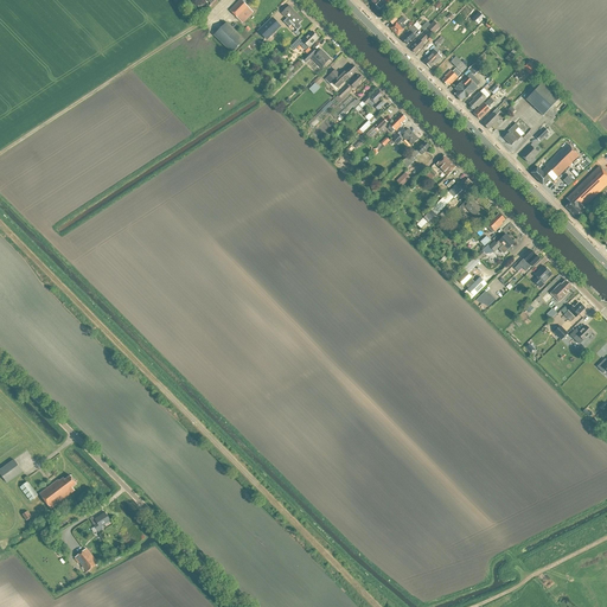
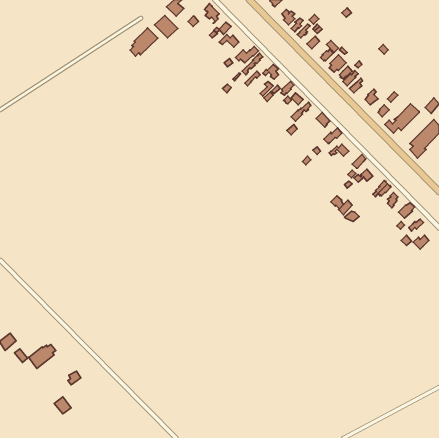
building: none -> [130,28,158,56]
building: [526,82,560,115] -> none

